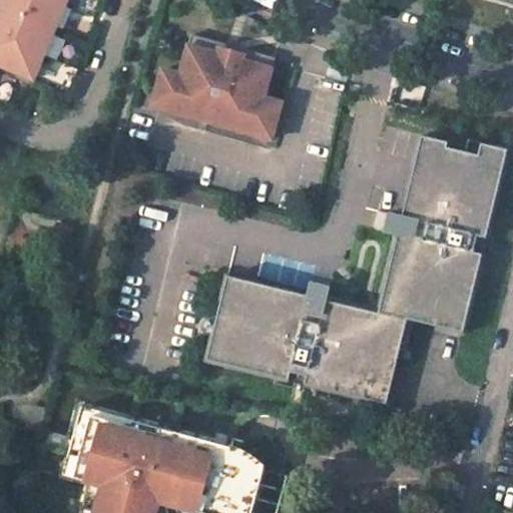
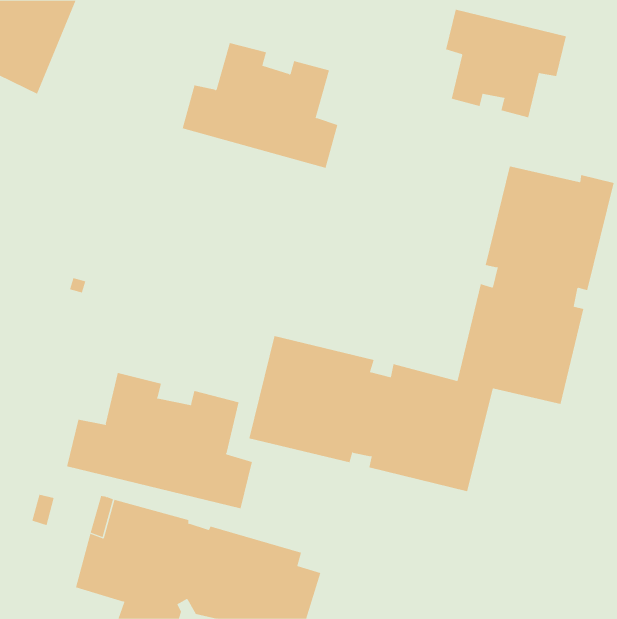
building: none -> [445,9,566,118]
building: none -> [66,372,253,509]

